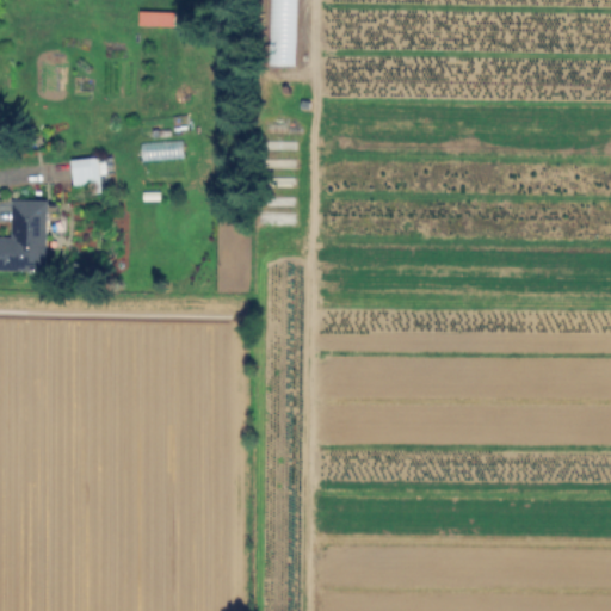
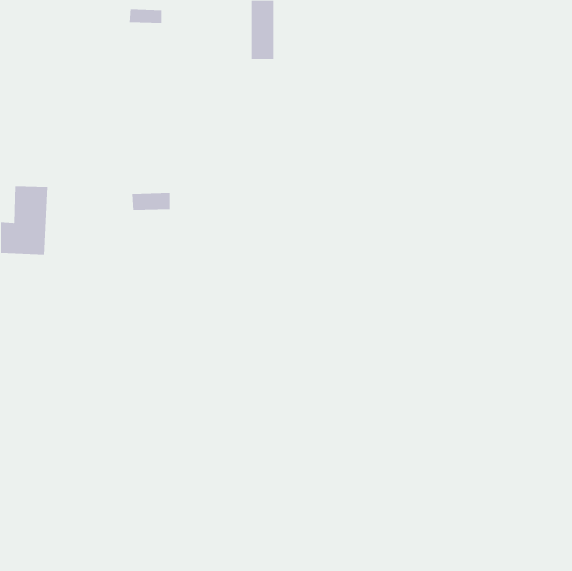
building: [140,141,181,160] -> [131,193,171,211]
building: [74,158,107,198] -> none

